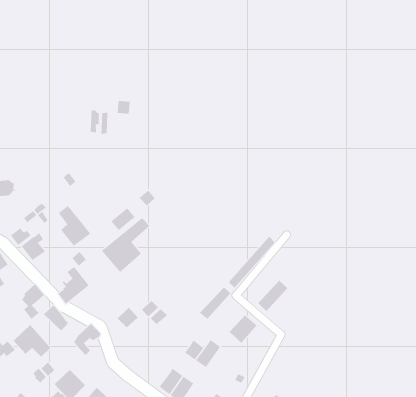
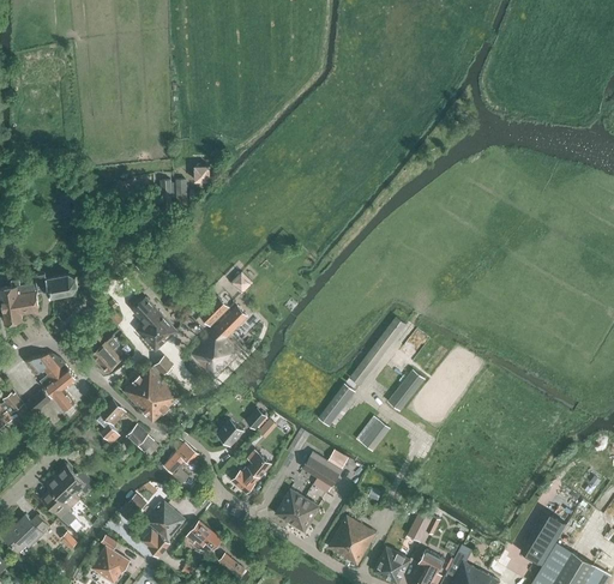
building: none -> [124,366,159,410]
building: [13,324,51,358] -> none
building: none -> [231,448,272,493]

